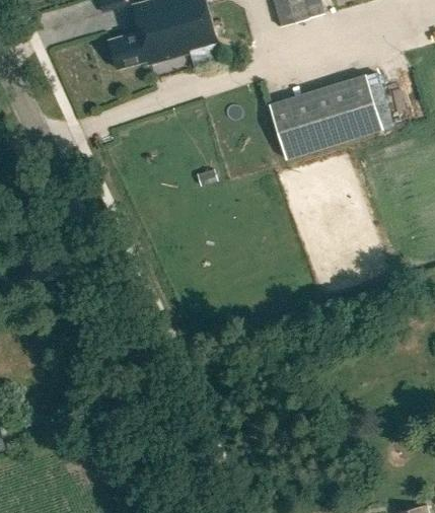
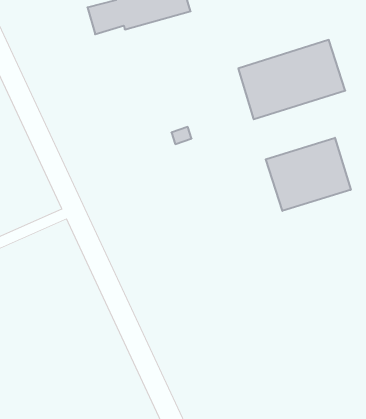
building: none -> [266,138,351,211]

